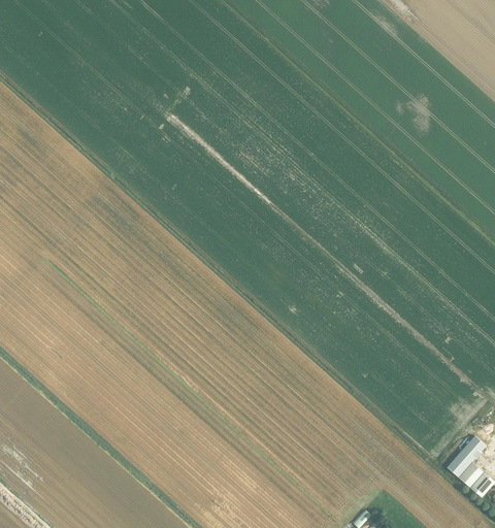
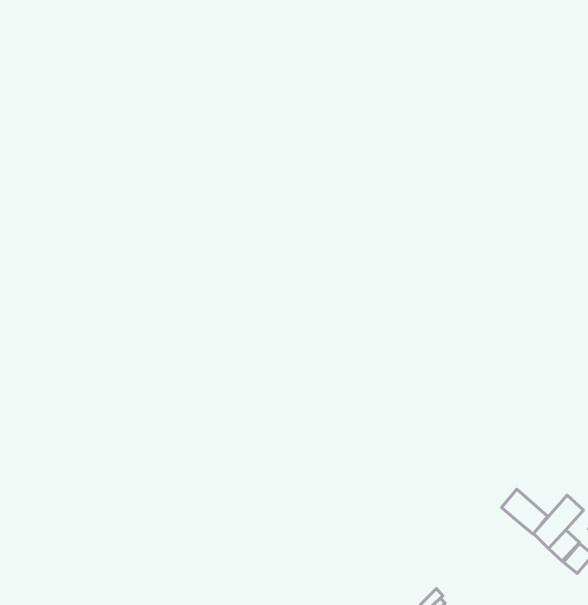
building: none -> [501,489,547,534]

